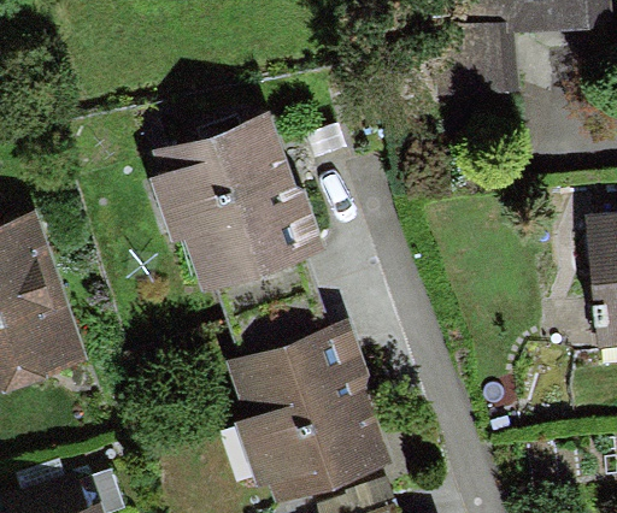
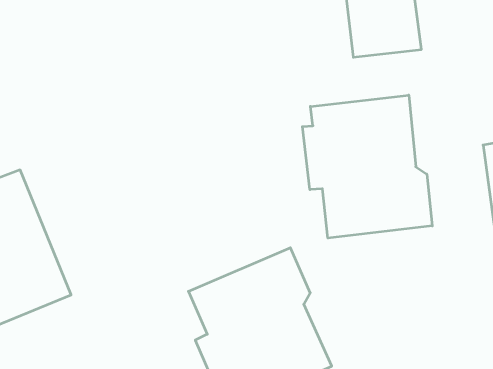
building: [152,119,310,296] -> none
building: none -> [302,95,432,238]

